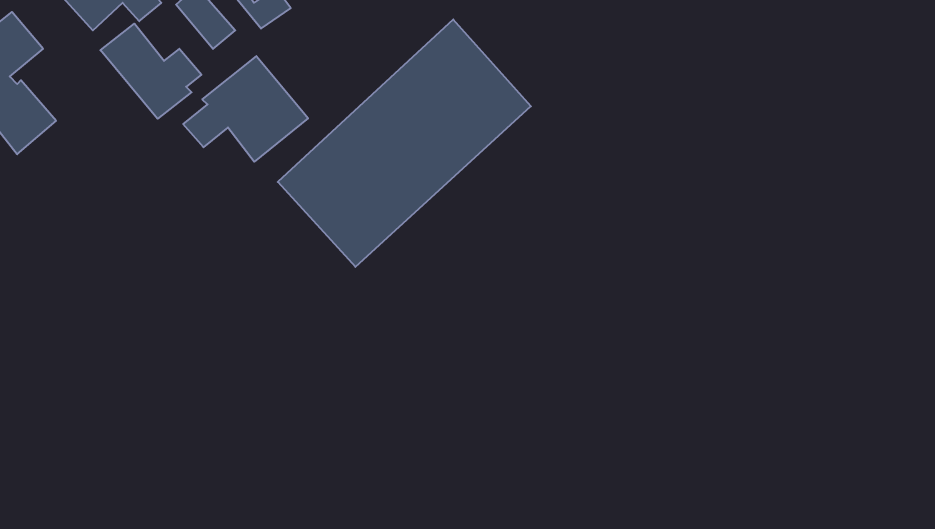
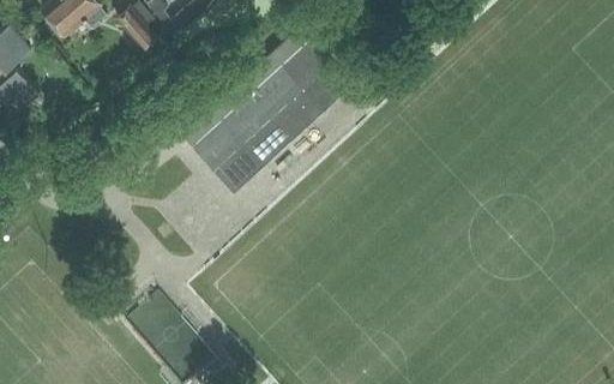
building: [100,24,201,119] -> none
building: [183,56,308,162] -> none

